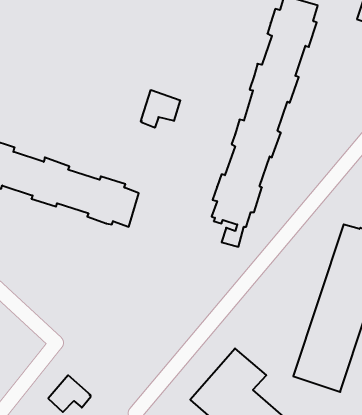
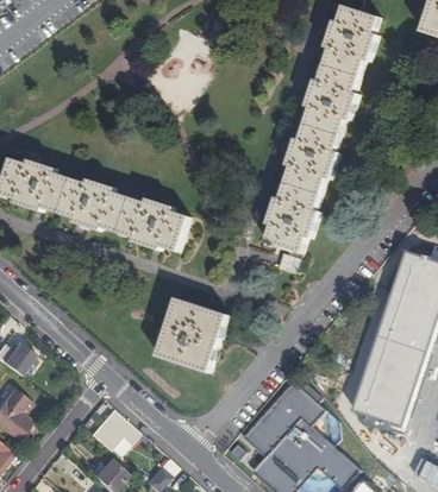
building: [141,90,180,128] -> none
building: none -> [158,298,229,372]

